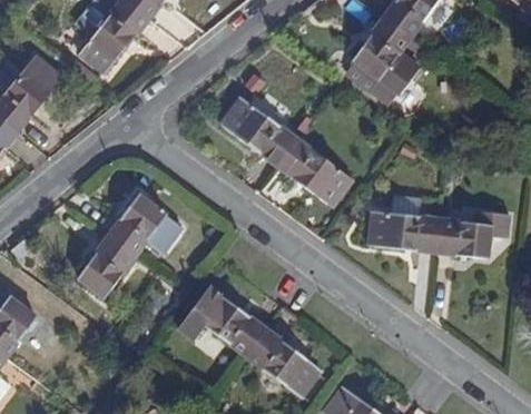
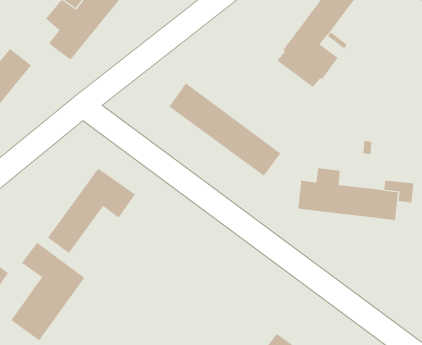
building: none -> [10,242,85,341]
building: [178,287,321,396] -> none

